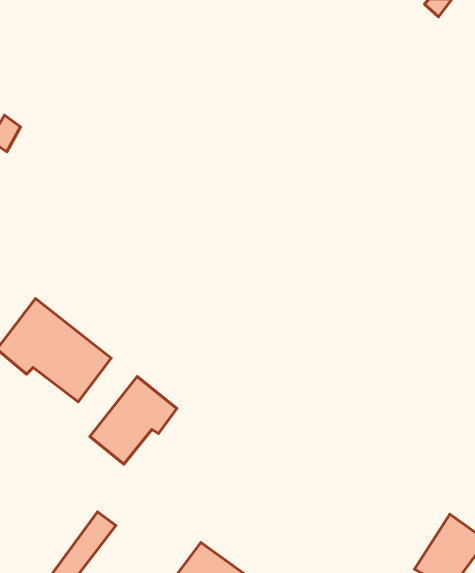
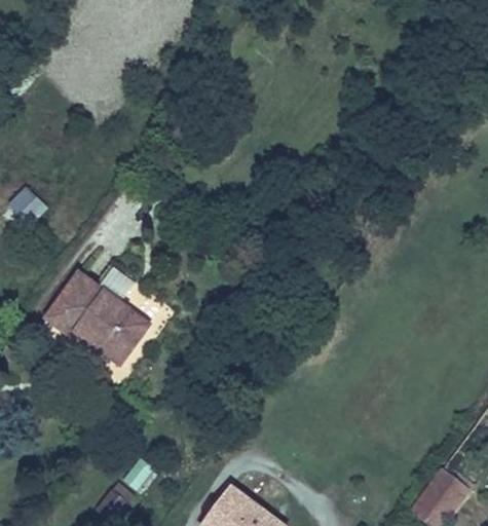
building: [90,377,177,464] -> none

